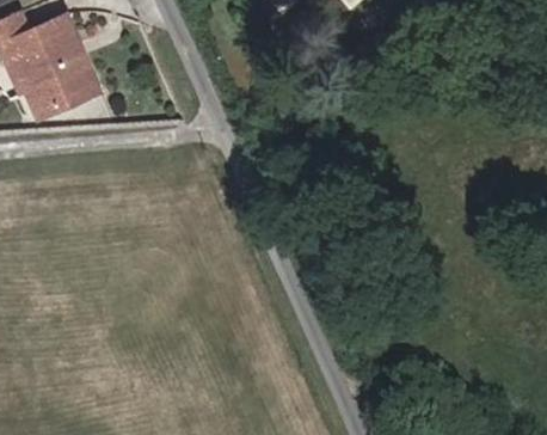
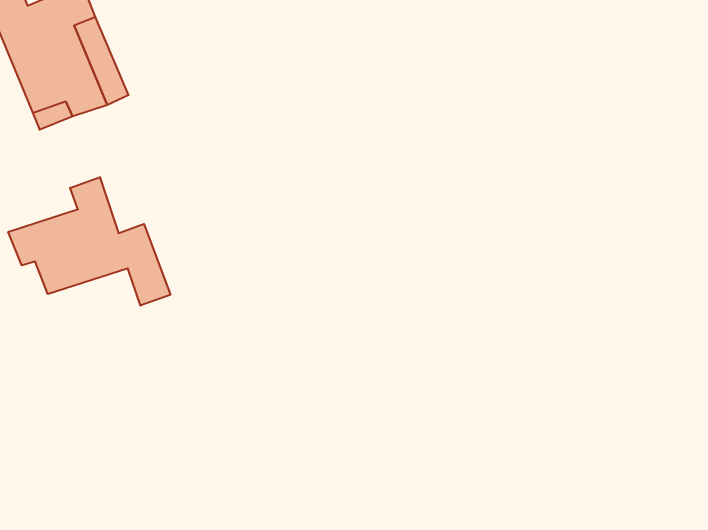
building: none -> [8,177,170,306]

